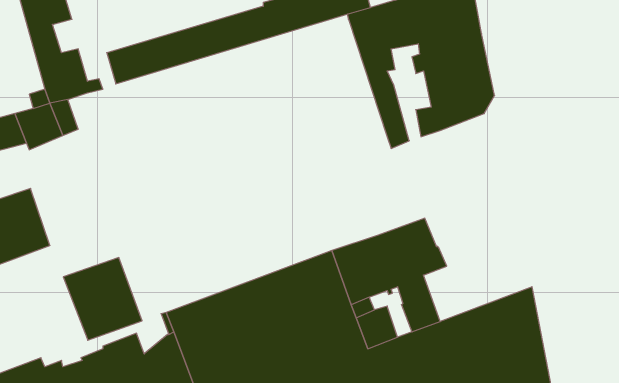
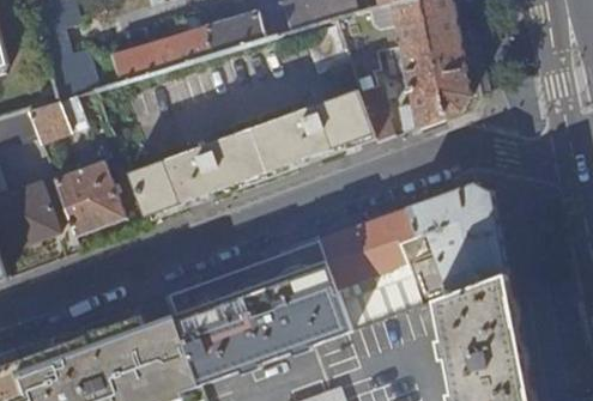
building: none -> [128,23,373,217]
building: none -> [406,182,507,303]
building: [63,258,142,340] -> [53,159,126,236]

